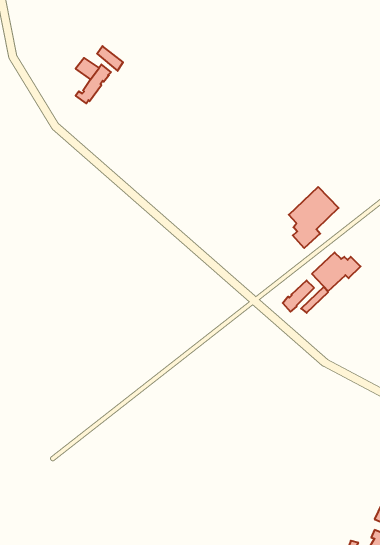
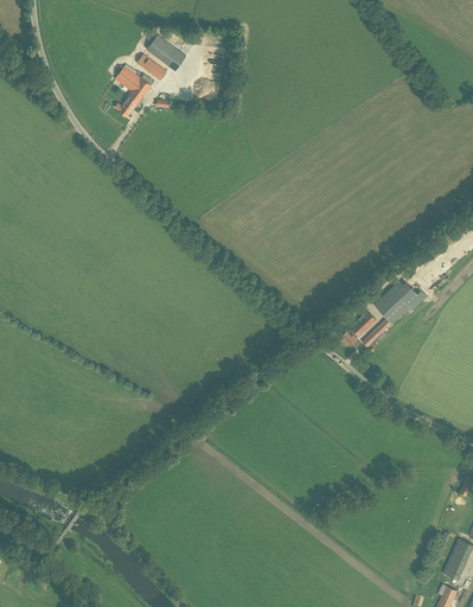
building: none -> [146,36,185,71]
building: [289,187,339,248] -> none

